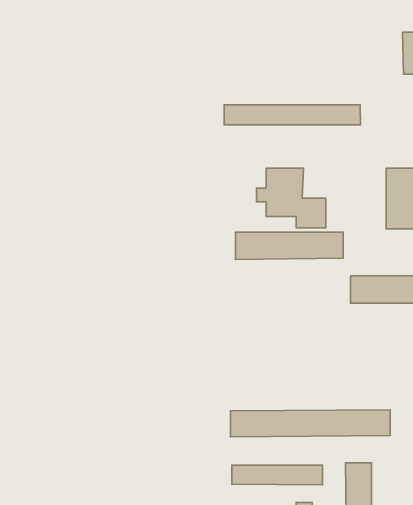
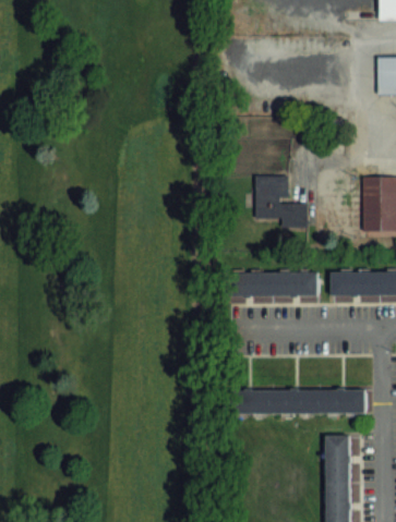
building: [224,105,360,125] -> none
building: [236,232,343,260] -> [224,274,319,298]
building: [232,465,322,485] -> none

